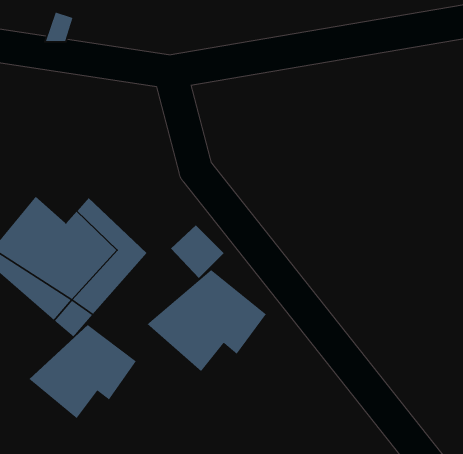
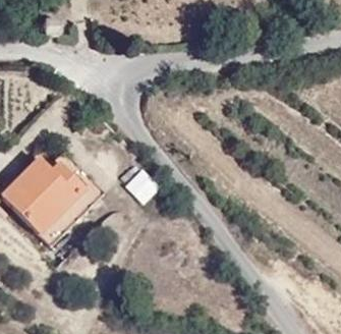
building: [146,269,267,372] -> none
building: [29,324,137,419] -> none

